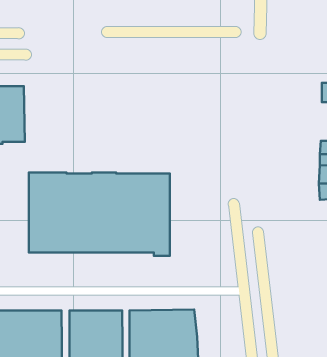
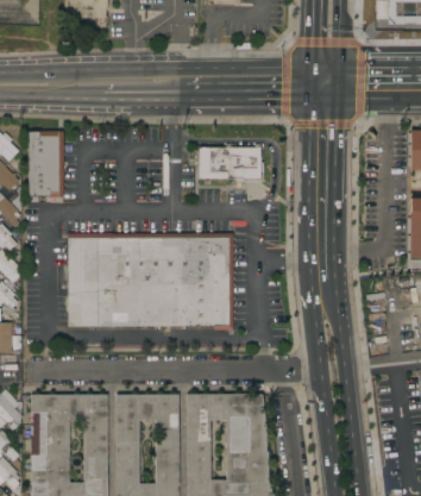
building: none -> [199,147,264,178]

